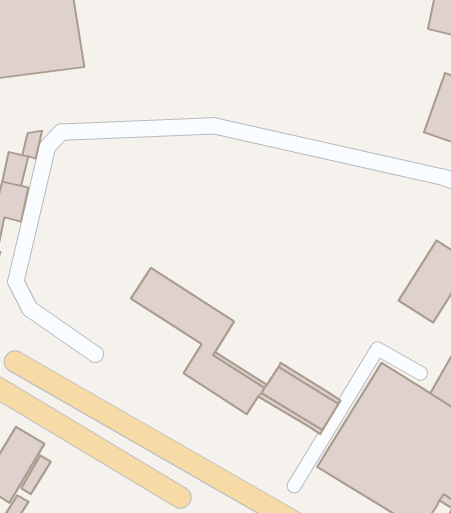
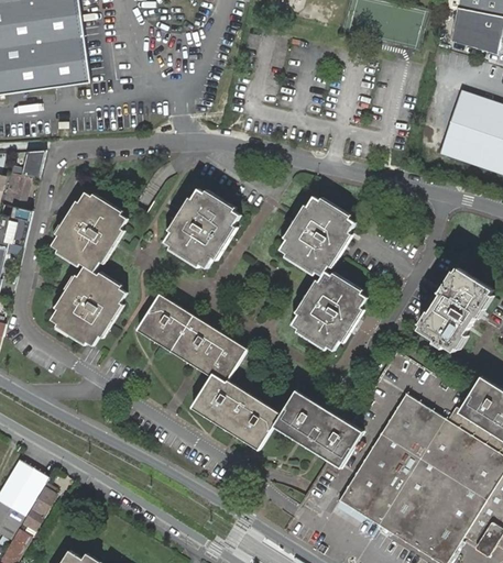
building: none -> [266,187,364,350]
building: none -> [50,188,128,342]
building: none -> [167,188,242,267]

